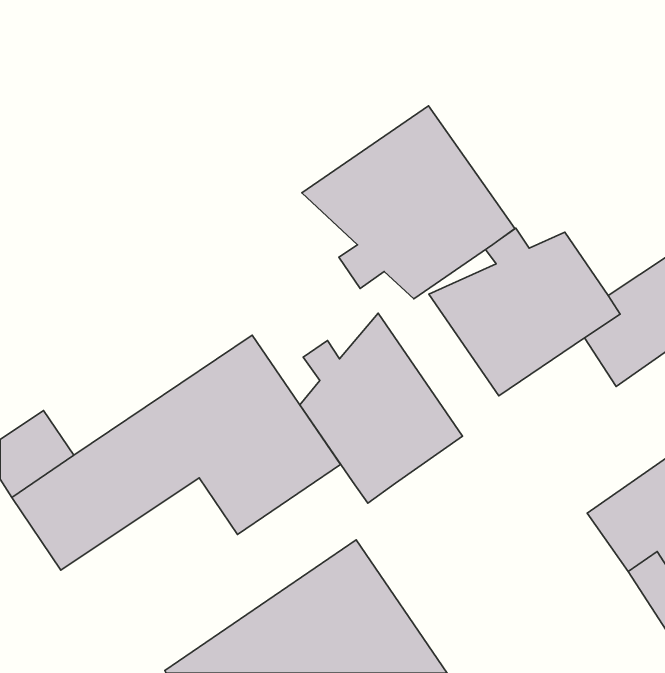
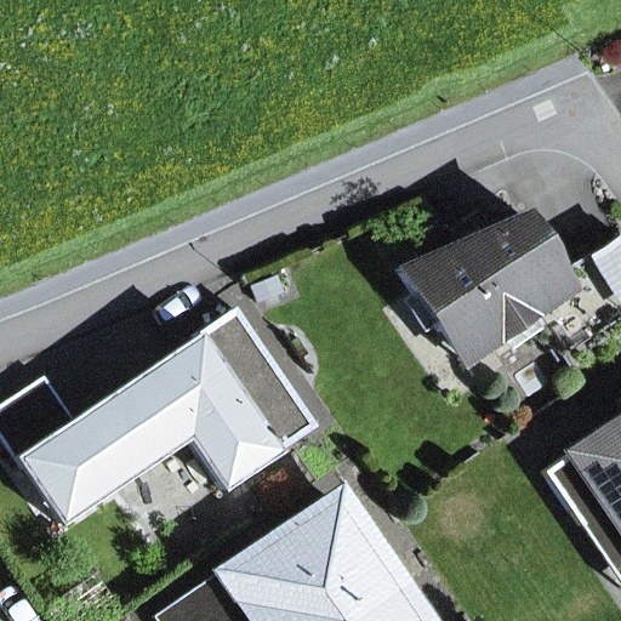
building: [302,106,515,299] -> none
building: [300,313,463,503] -> none

